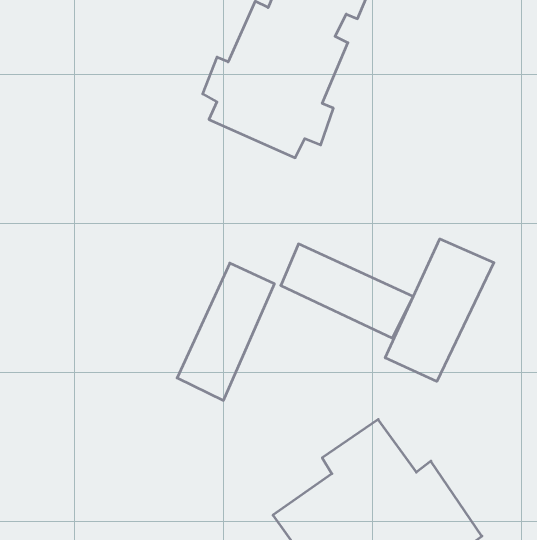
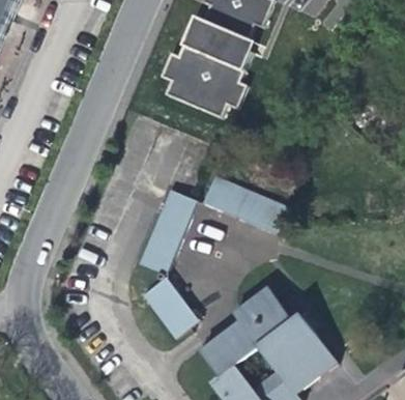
building: [385,239,494,381] -> none
building: none -> [141,276,198,337]

